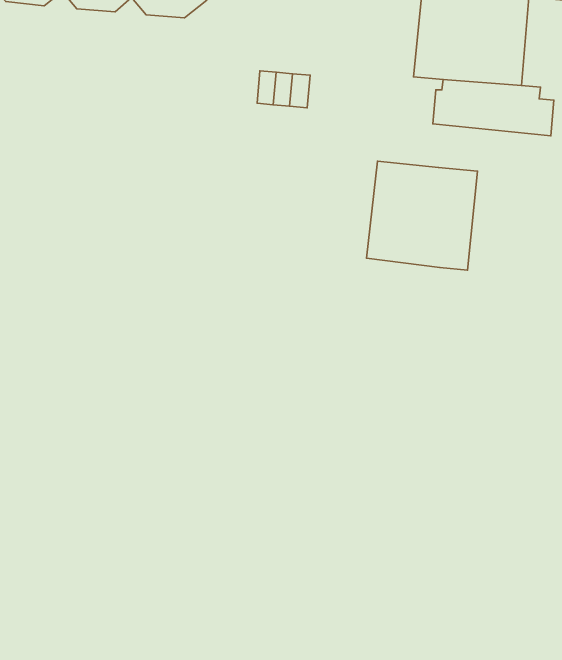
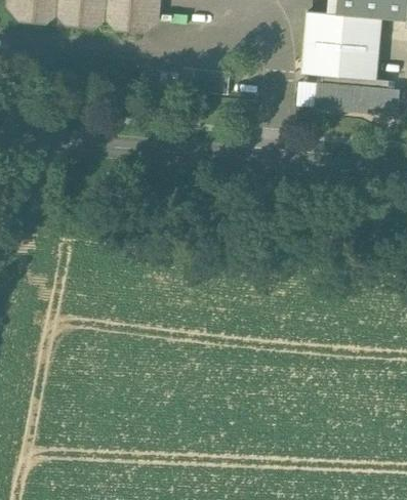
building: [366,161,477,270] -> none

